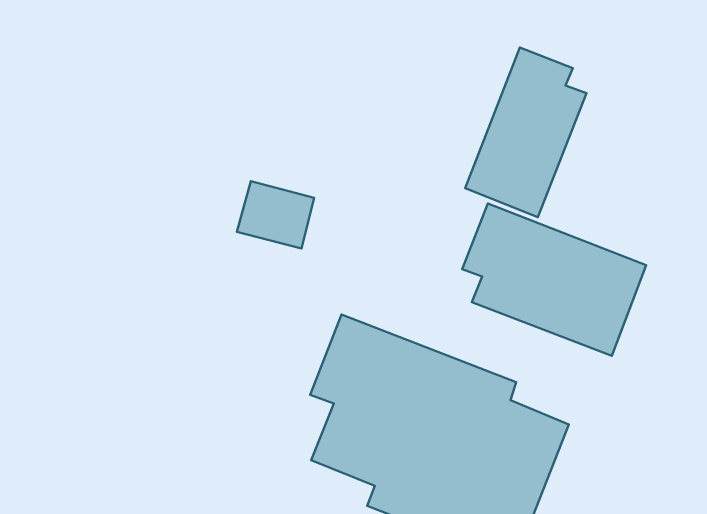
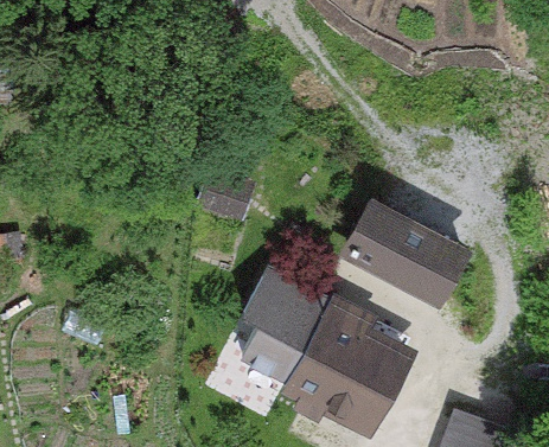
building: [465,48,587,217] -> none

